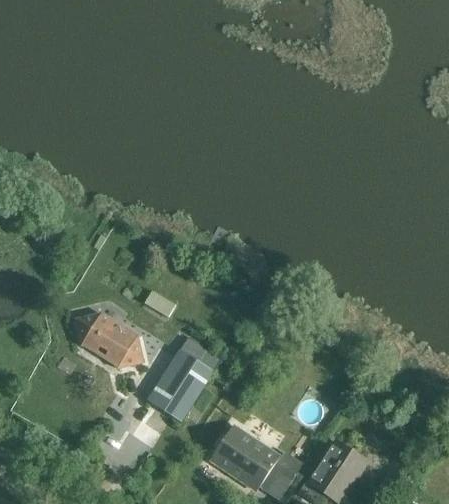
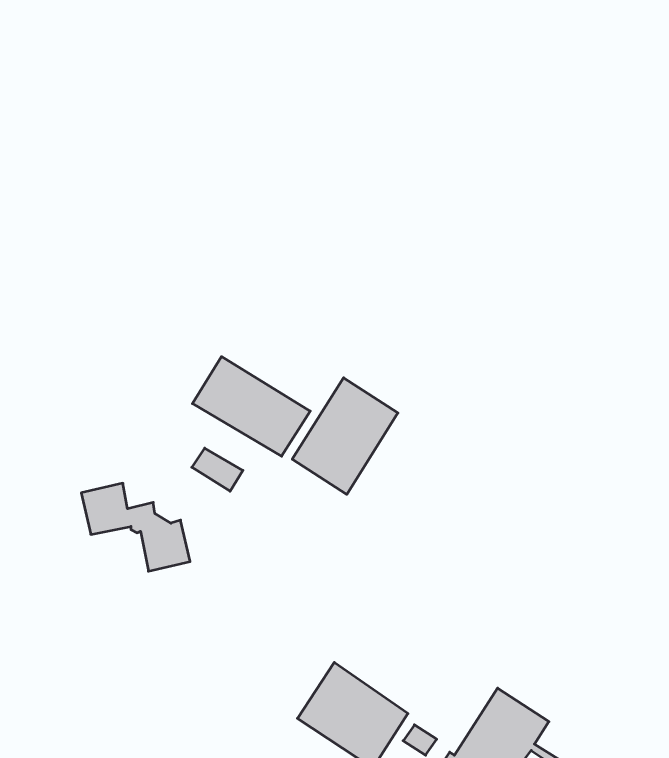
building: none -> [192,357,310,456]
building: [147,348,213,421] -> [292,378,398,494]

